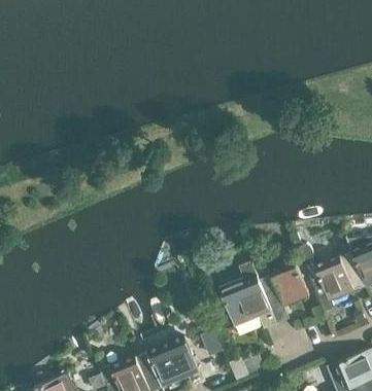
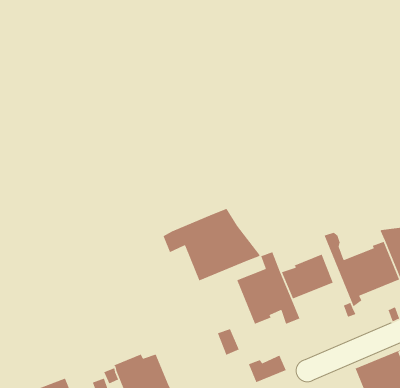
building: none -> [162,208,260,281]
building: [146,334,200,380] -> none

